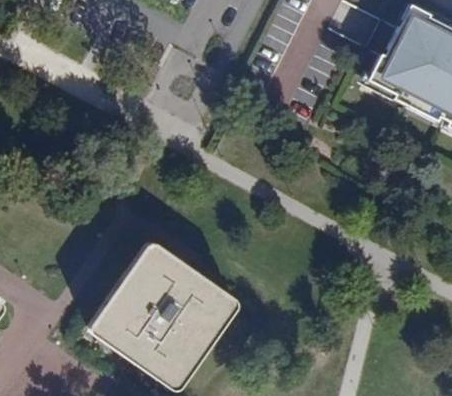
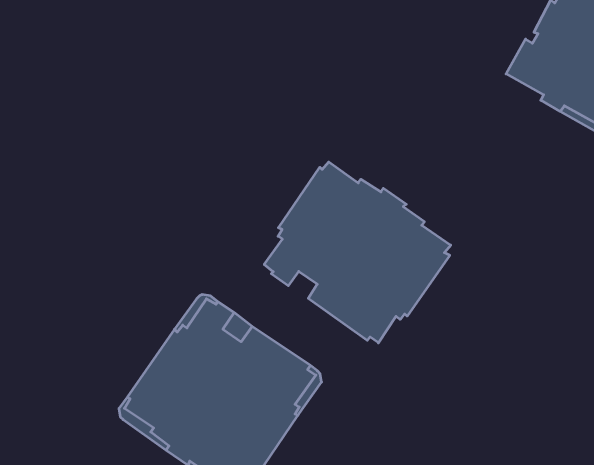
building: none -> [264,162,451,343]

